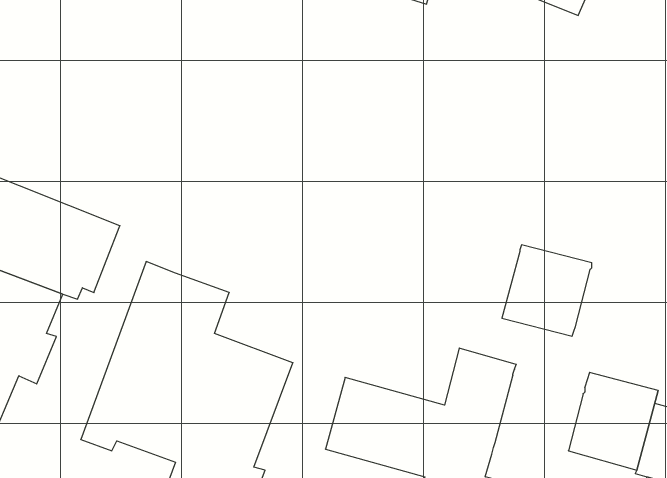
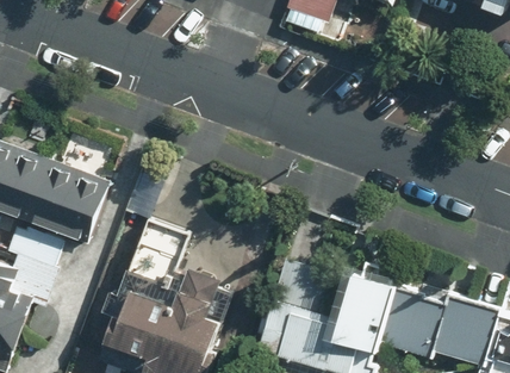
building: [502,245,592,336] -> [379,292,444,359]

